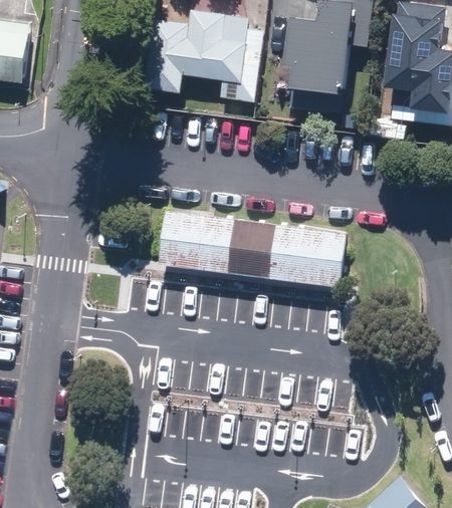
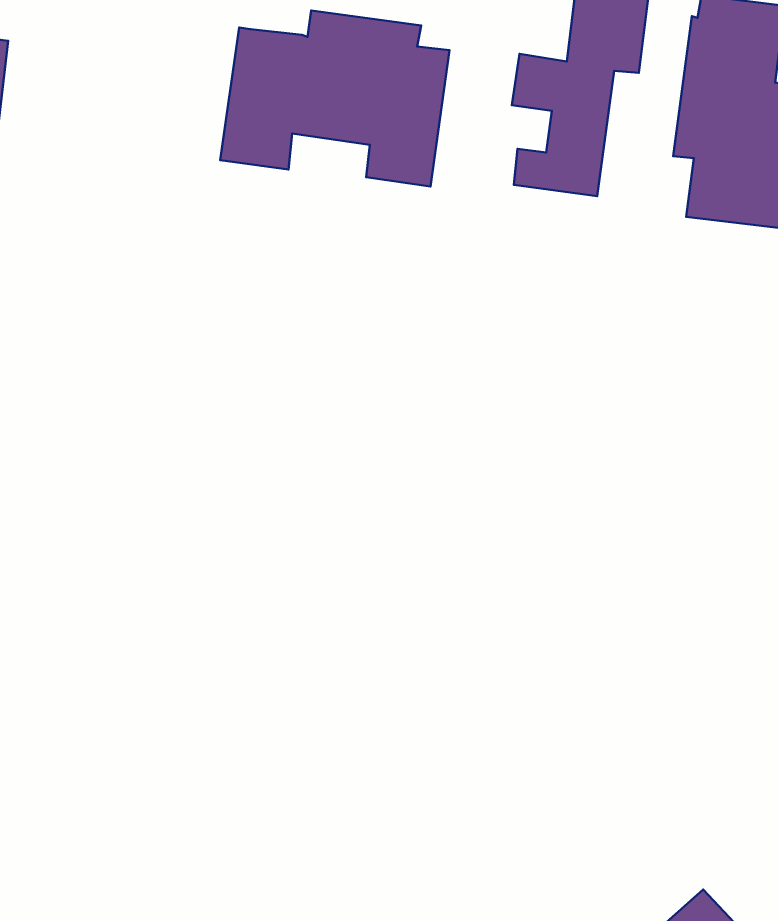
building: [157,210,346,287] -> none

